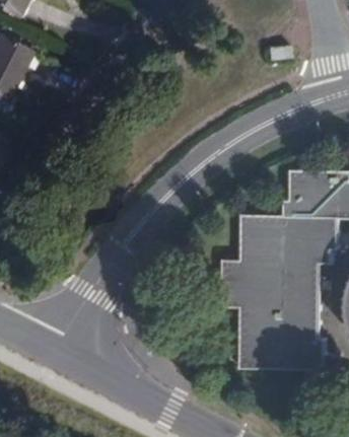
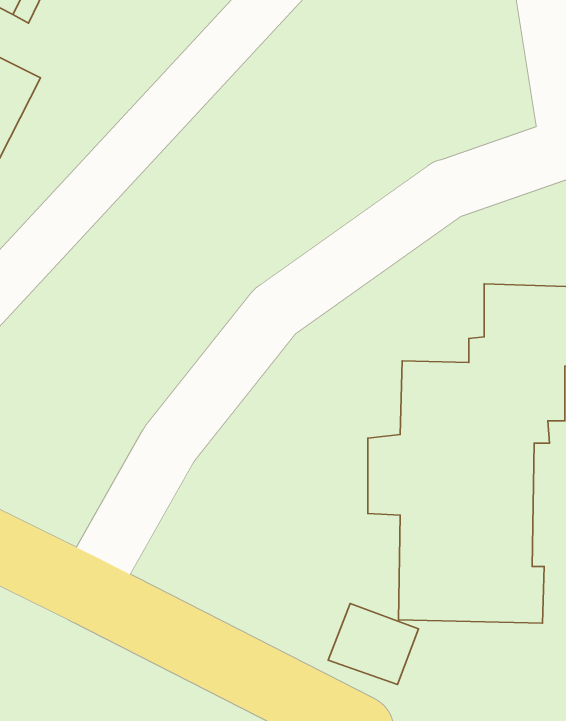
building: none -> [328,603,419,684]

